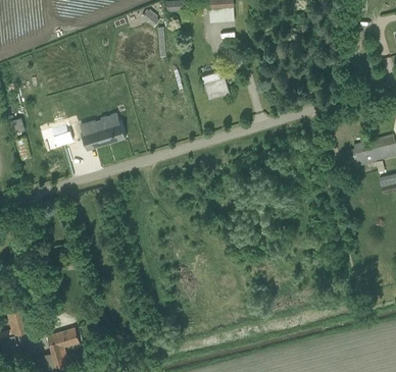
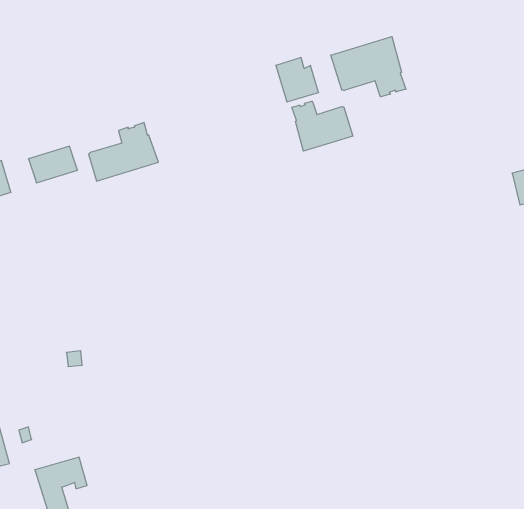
building: none -> [331,37,406,97]
building: none -> [292,101,353,151]

